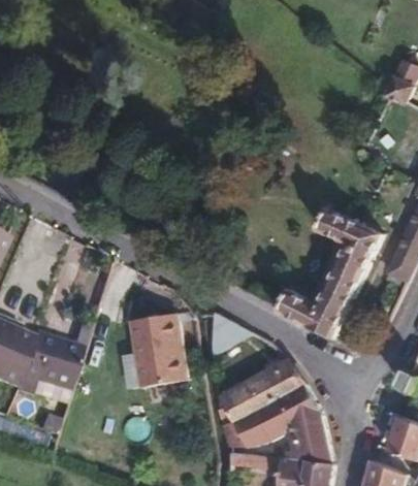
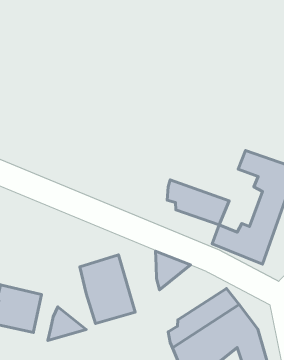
building: none -> [167,180,229,225]
building: none -> [48,307,86,341]

